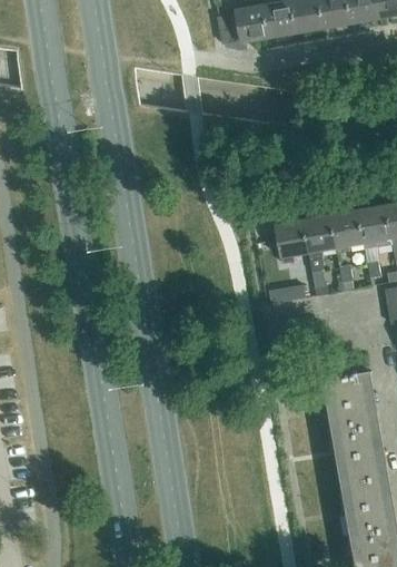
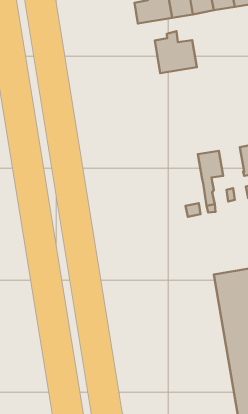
building: none -> [155,31,197,73]
building: [330,209,364,253] -> none
building: [275,218,308,263] -> none

